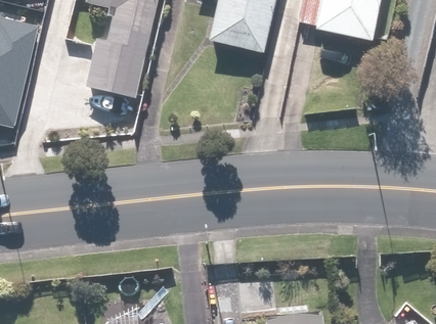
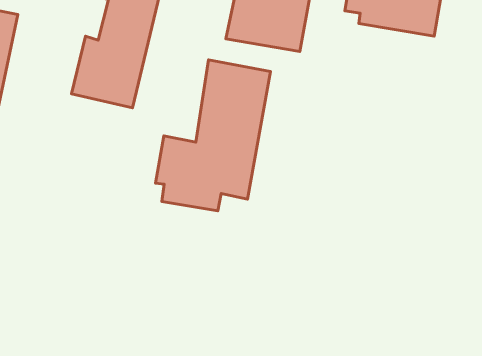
building: none -> [155,60,270,211]

